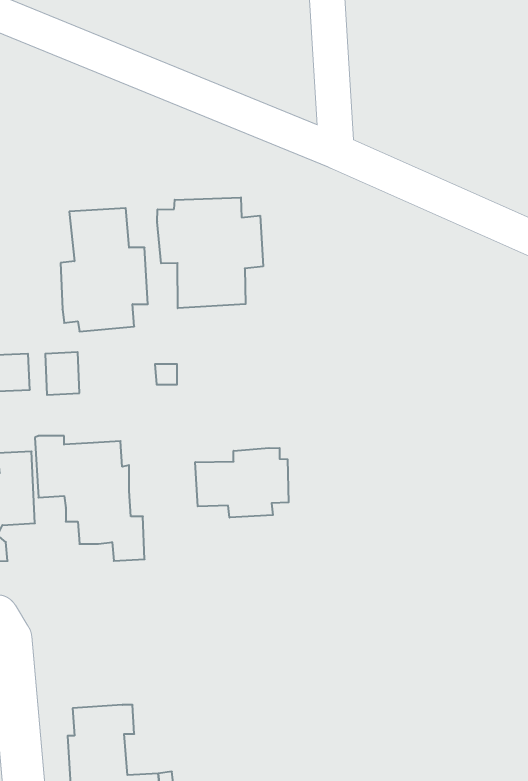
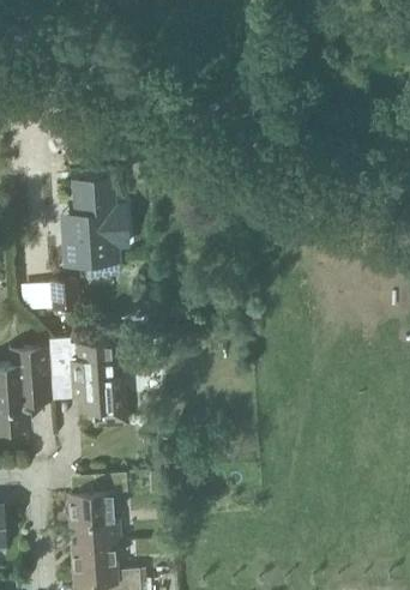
building: [157,197,263,308] -> none
building: [195,448,289,518] -> none
building: none -> [64,476,126,530]

